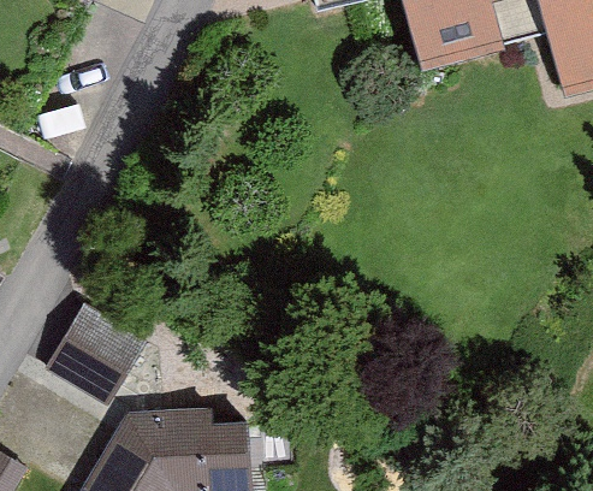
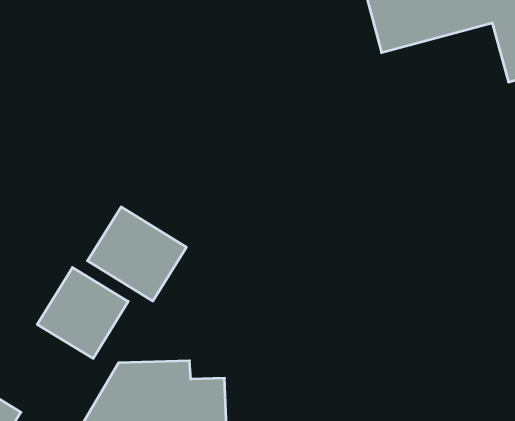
building: none -> [87,207,186,301]

